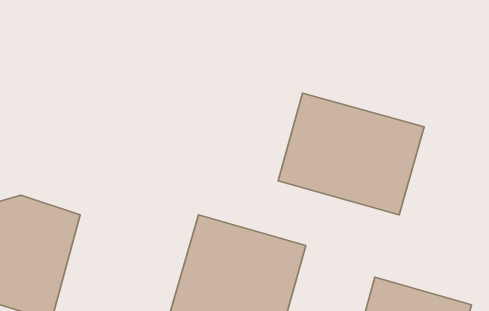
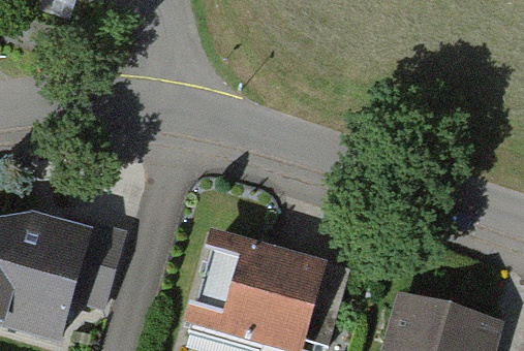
building: [278,93,424,215] -> none

